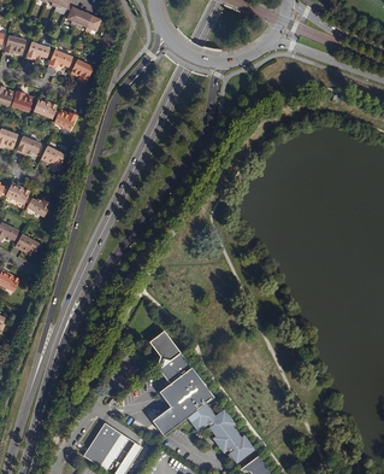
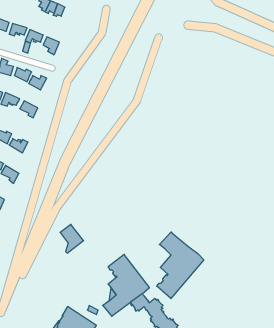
building: none -> [157,232,204,299]
building: [149,330,181,369] -> [60,224,84,253]

